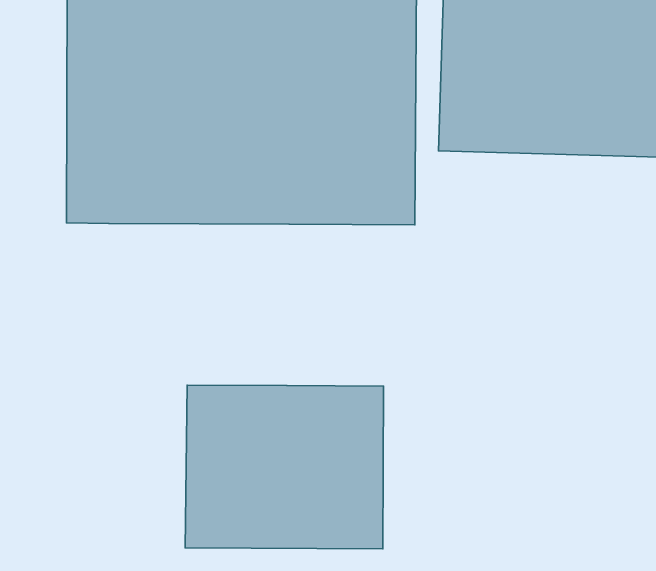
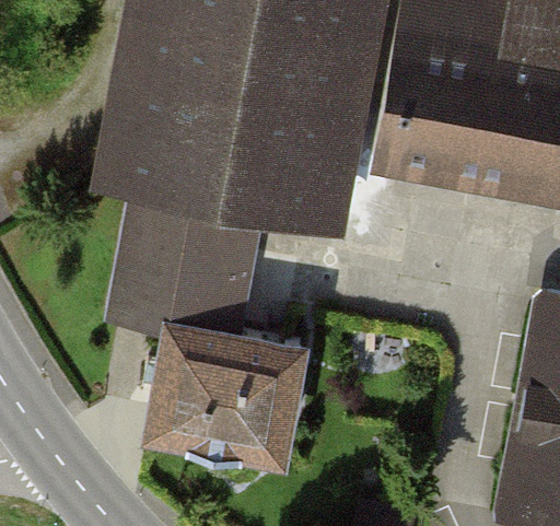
building: none -> [104,182,258,324]

